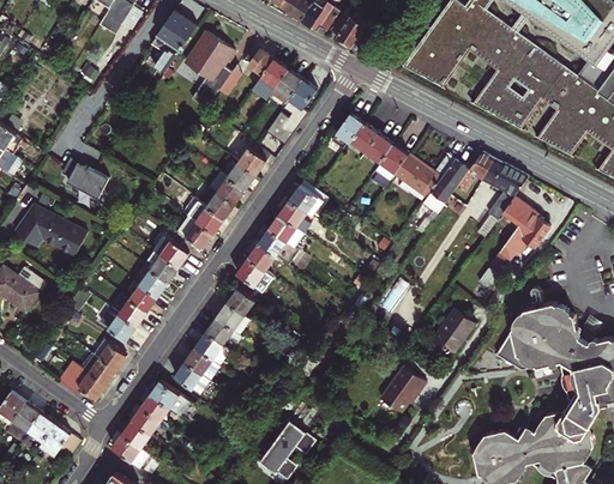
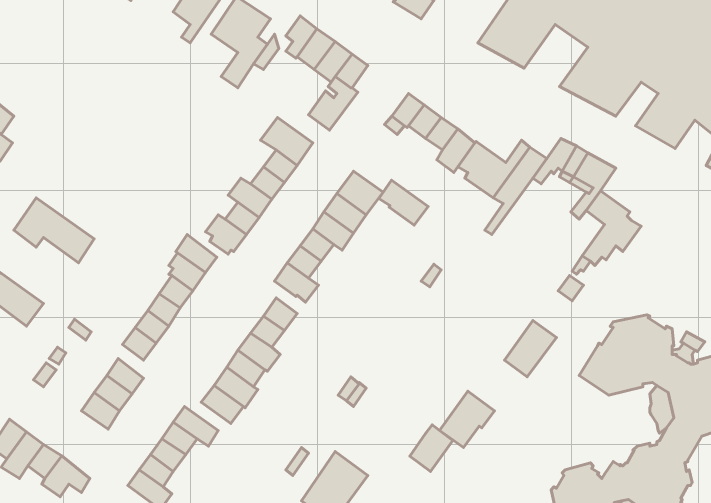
building: [60,157,108,198] -> none
building: none -> [379,180,428,225]
building: none -> [410,425,453,472]

